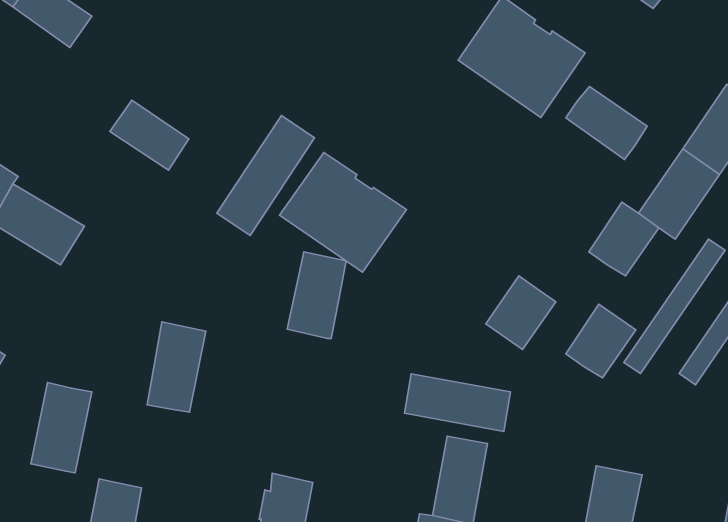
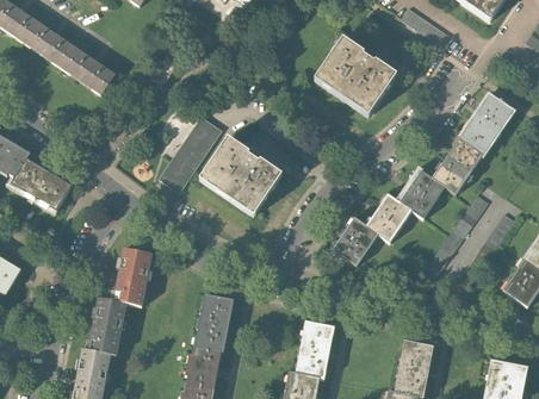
building: [566,86,647,159] -> none
building: [110,100,189,170] -> [63,49,114,94]
building: [287,252,346,338] -> [194,294,233,350]
building: [566,304,636,378] -> [366,193,411,241]
building: [405,374,510,431] -> none
building: [31,383,92,473] -> [87,297,126,355]

